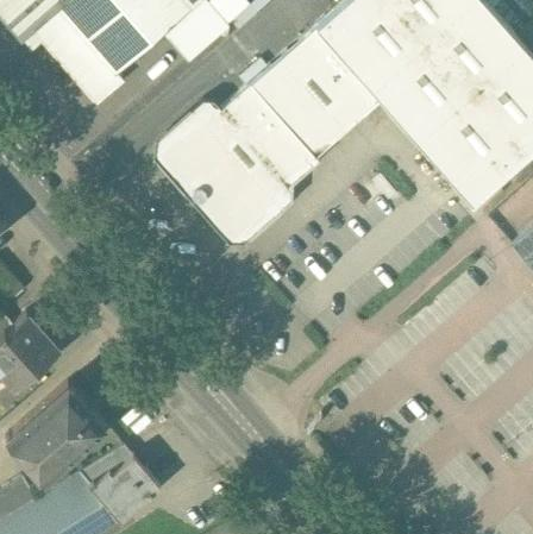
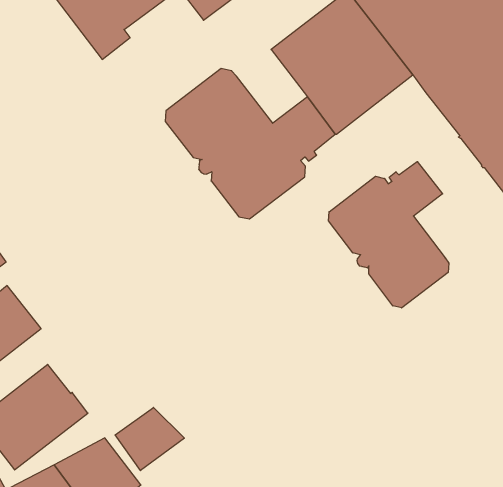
building: [221,84,287,151] -> none
building: none -> [329,162,449,308]
building: none -> [115,407,184,471]

